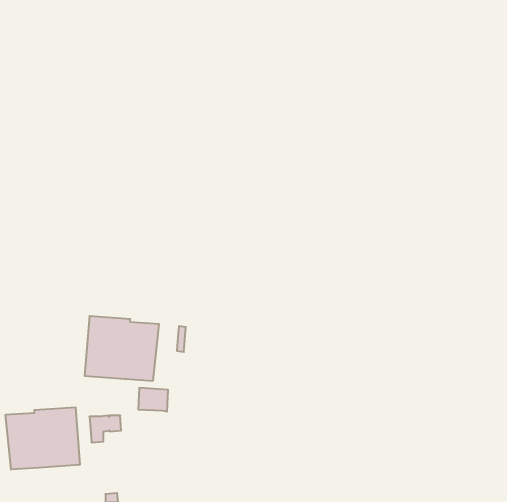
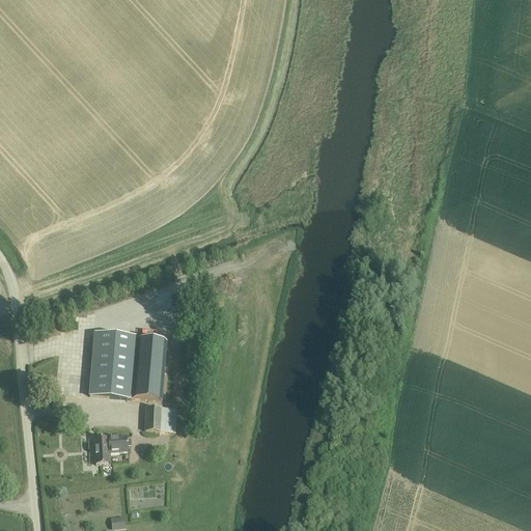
building: [6,407,80,470] -> none

